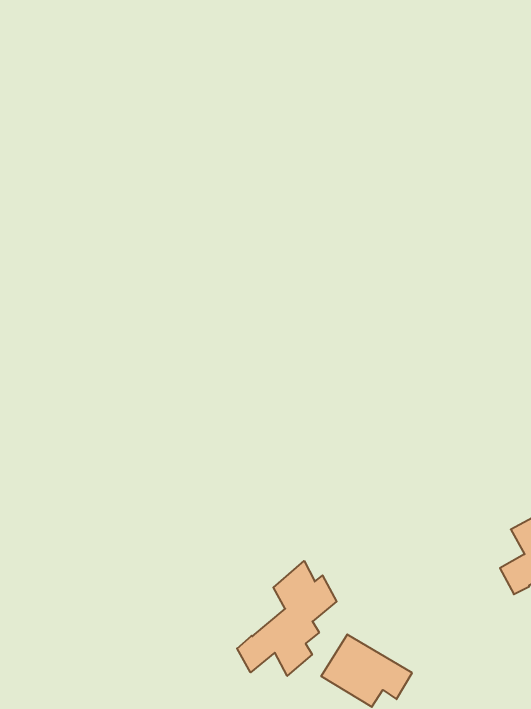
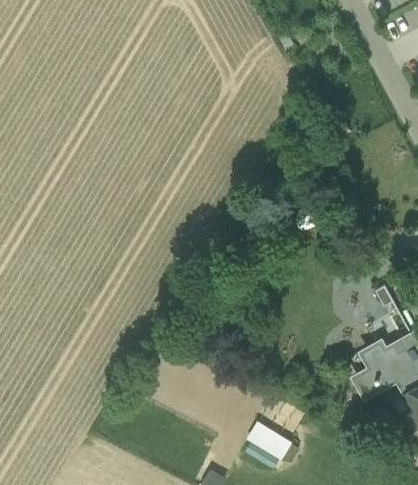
building: [237,561,337,676] -> none

